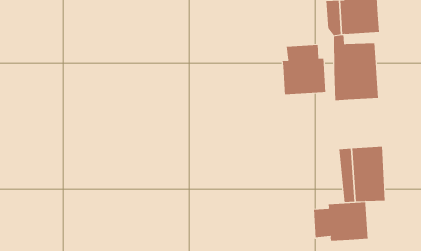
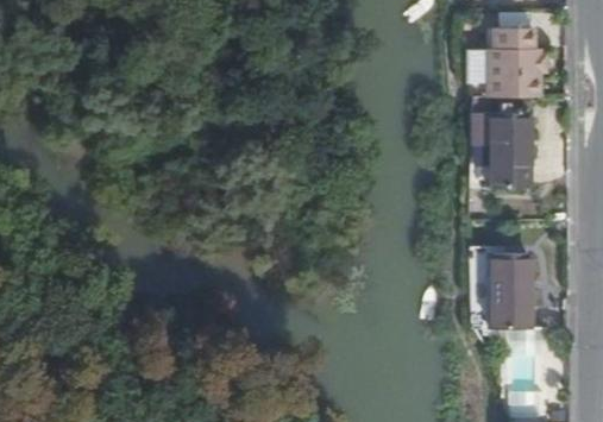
building: [282,44,326,95] -> none
building: [313,201,368,242] -> none

